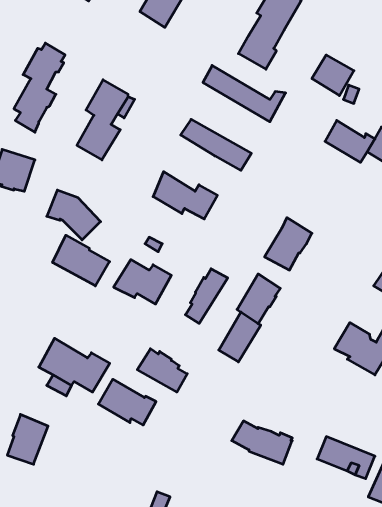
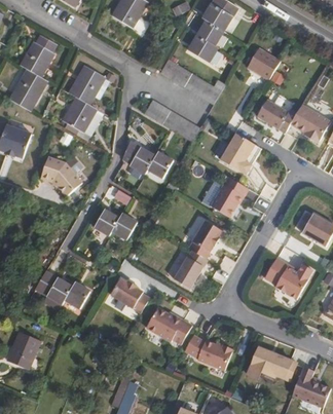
building: none -> [219,133,260,173]
building: [53,235,110,286] -> none
building: [185,269,228,323] -> none
building: [98,379,156,425] -> [146,307,191,343]

